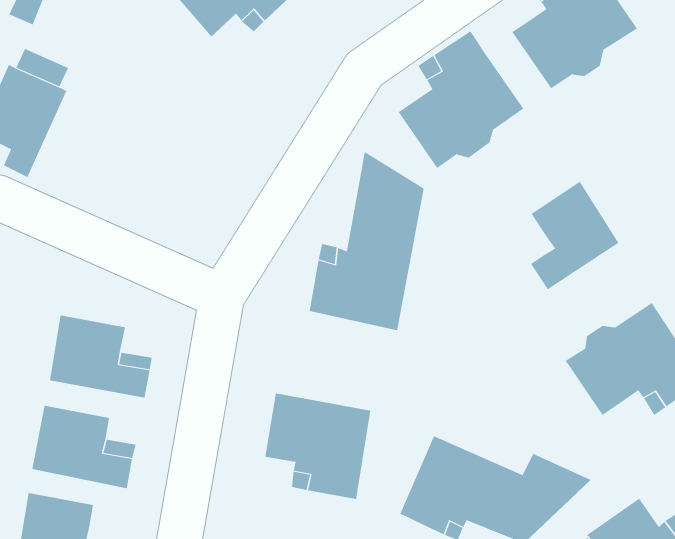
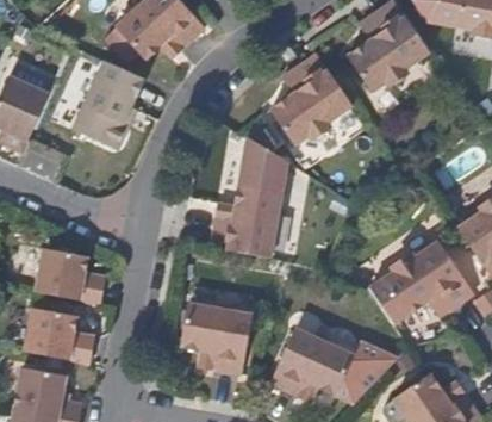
building: none -> [67,57,147,153]
building: [530,181,619,290] -> none

